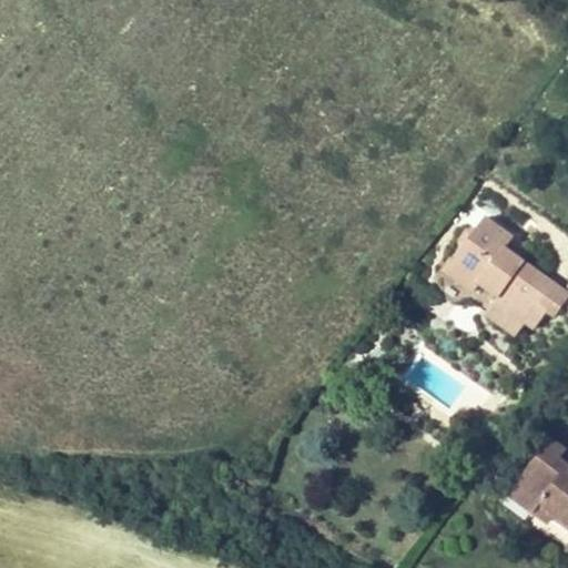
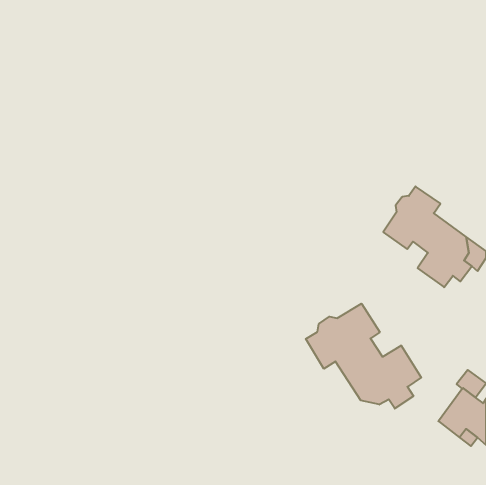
building: none -> [306,304,421,409]

